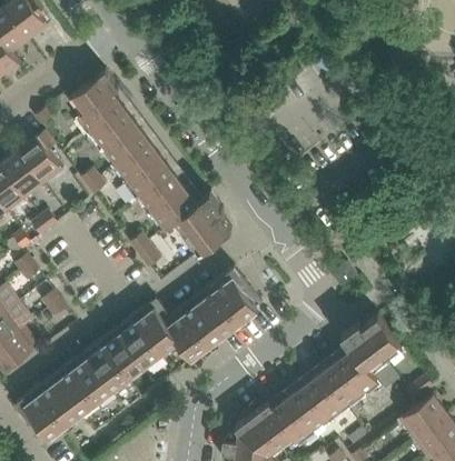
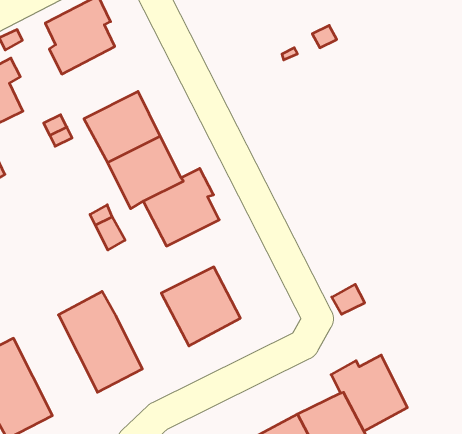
building: [89,108,151,169] -> none
building: [165,295,226,358] -> none
building: [87,327,160,407] -> none

